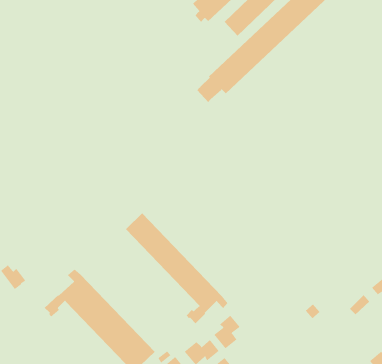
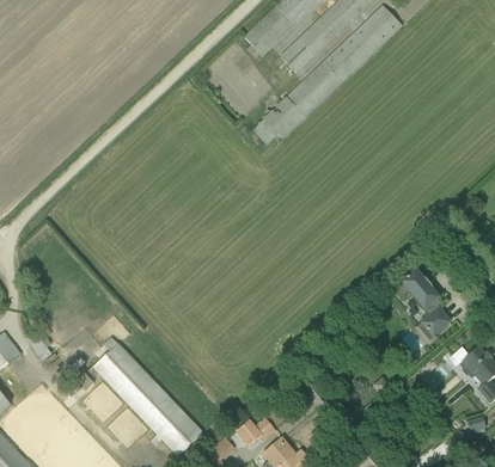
building: none -> [392,269,451,345]
building: [125,213,228,324] -> none
building: [214,315,240,349] -> none

